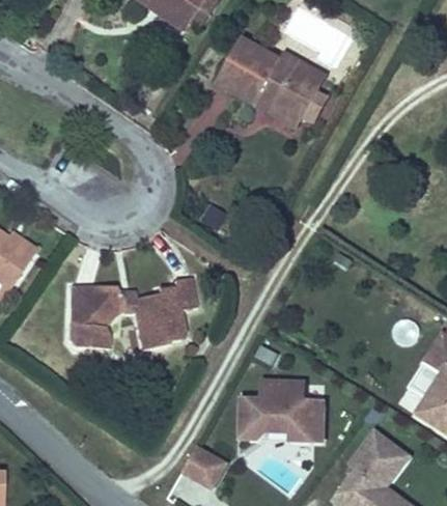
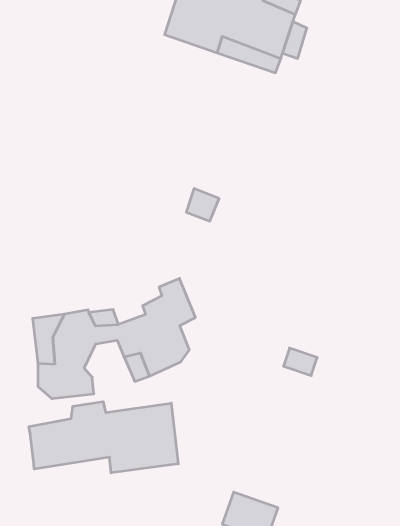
building: none -> [29,402,178,473]
building: [244,384,327,444] -> none

